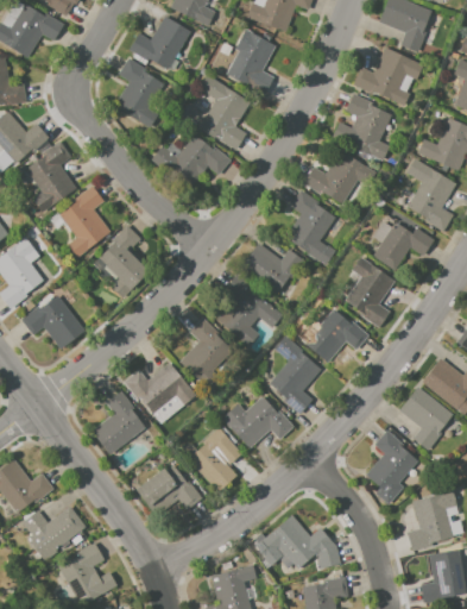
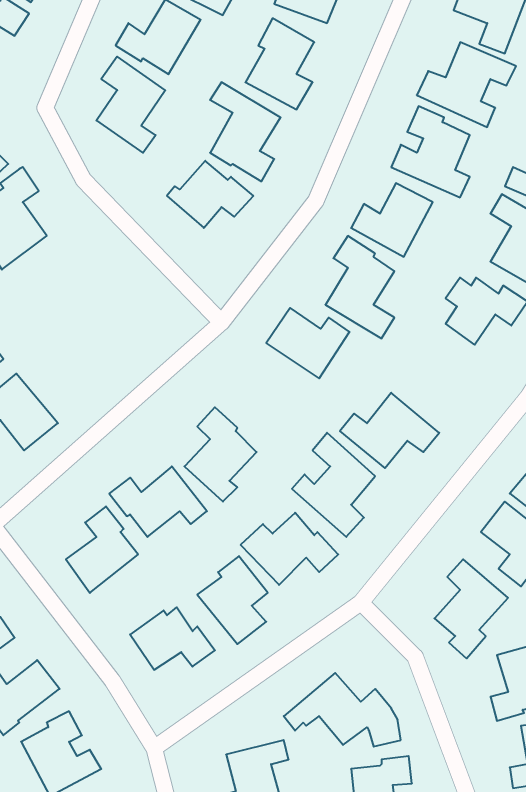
building: [59,184,111,258] -> none
building: [105,226,152,300] -> none
building: [342,258,395,329] -> none
building: [216,274,282,346] -> none

